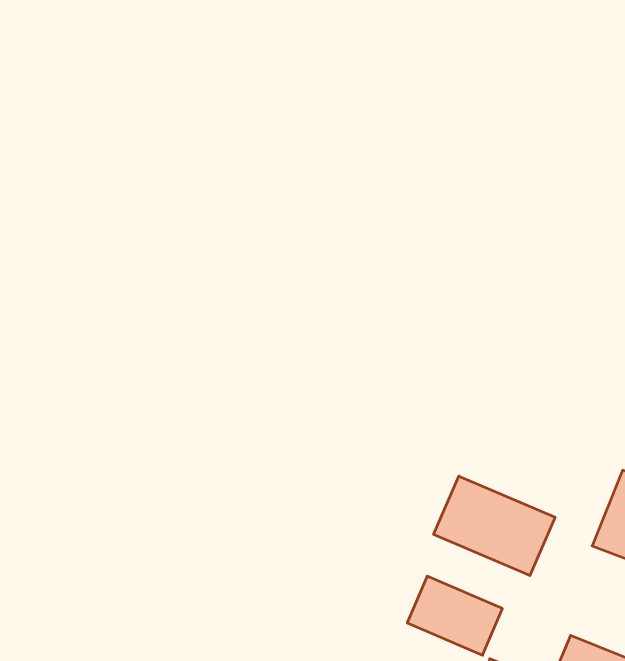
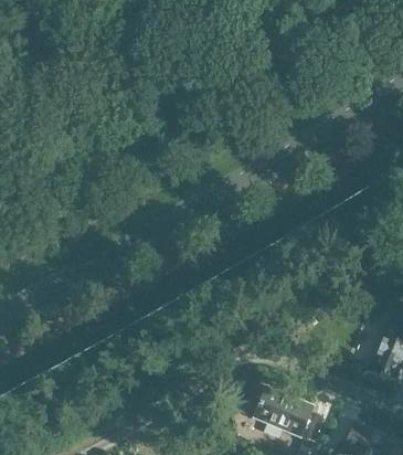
building: [434,476,555,576] -> none

